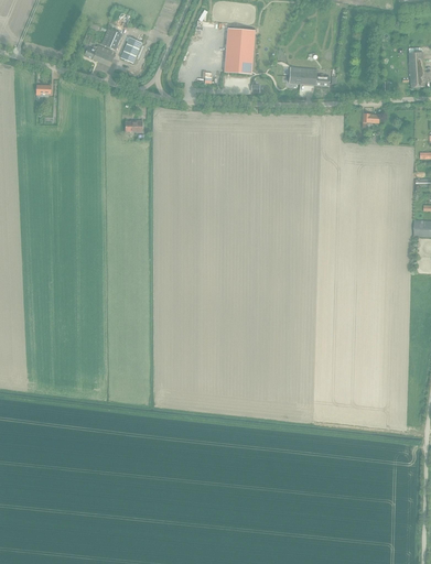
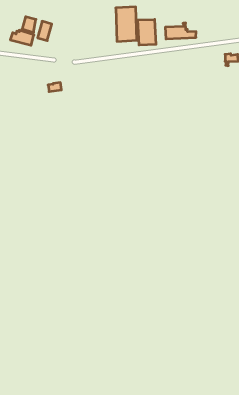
building: none -> [138,19,156,45]

